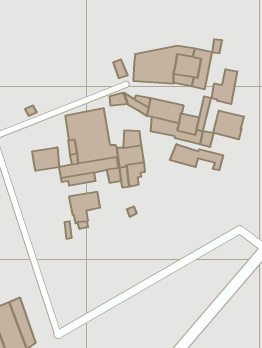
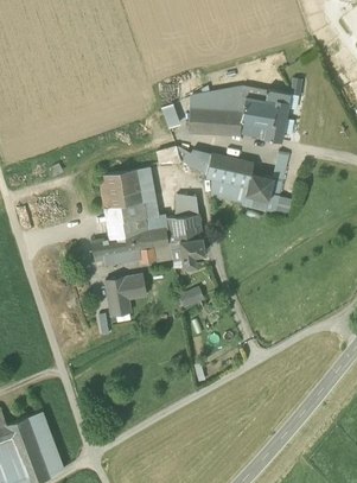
building: [211,69,237,104] -> none
building: [213,110,244,139] -> none
building: [170,144,223,170] -> none
building: [32,147,60,171] -> none

